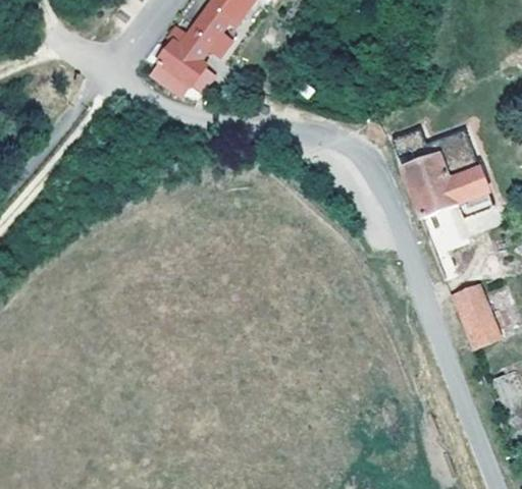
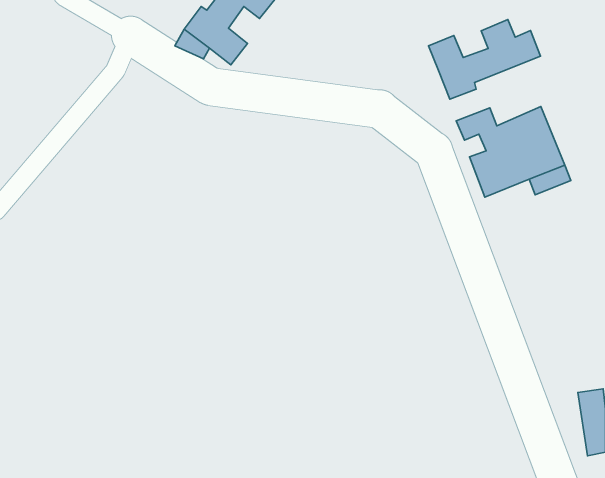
building: none -> [428,20,540,99]
building: [454,287,495,350] -> none

